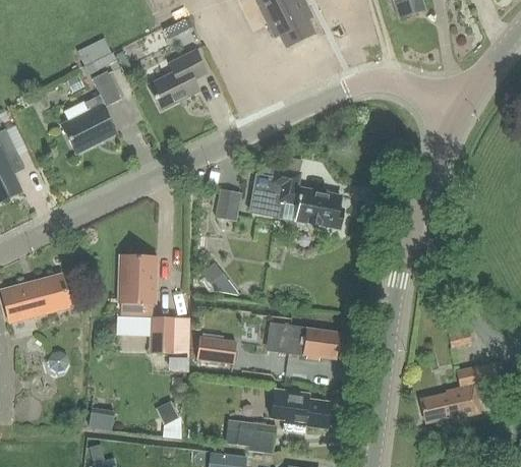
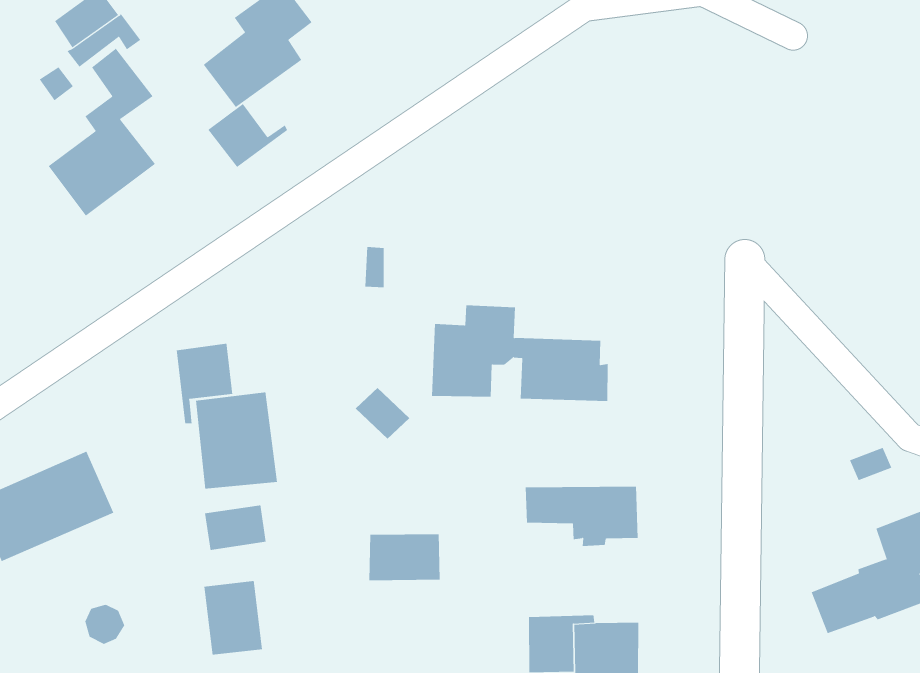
building: none -> [208,103,288,168]
building: [249,167,342,227] -> [431,305,608,402]
building: none -> [176,343,233,424]
building: [149,317,176,354] -> [203,581,263,655]

